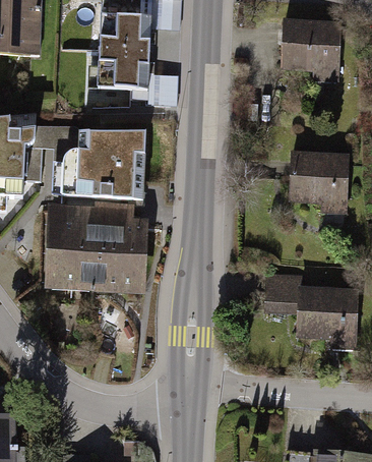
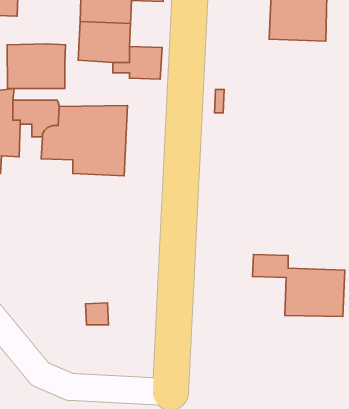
building: none -> [7,44,66,89]
building: [291,155,347,200] -> none
building: [52,206,141,289] -> none

